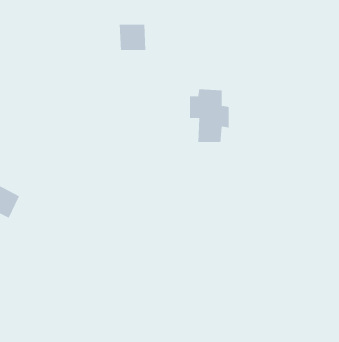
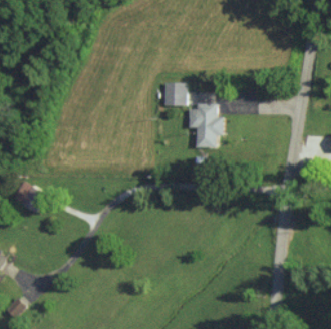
building: [119,24,146,50] -> [164,82,188,104]

